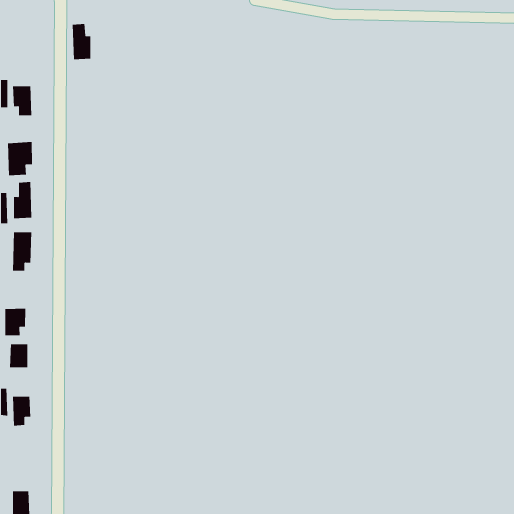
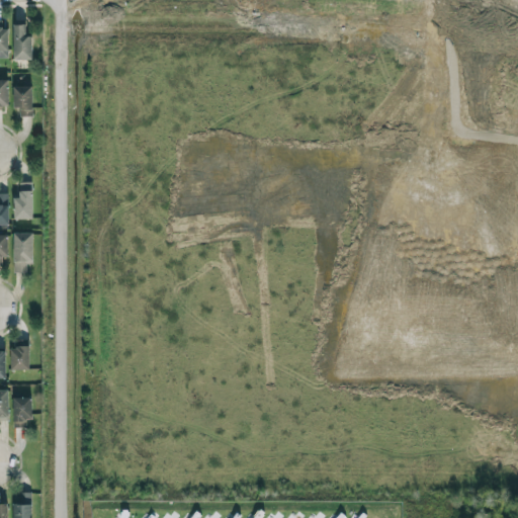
building: [72,24,91,60] -> [13,24,32,61]
building: [8,141,32,176] -> none
building: [5,308,26,336] -> none

